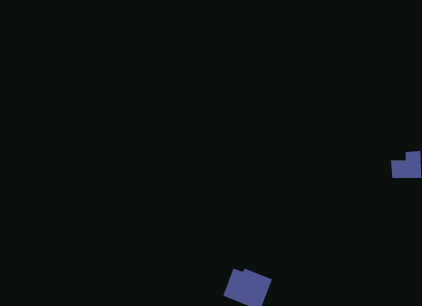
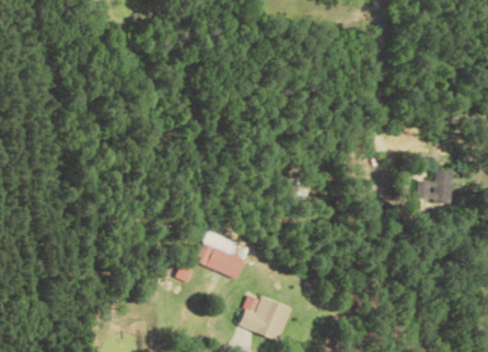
building: none -> [196,232,249,279]

